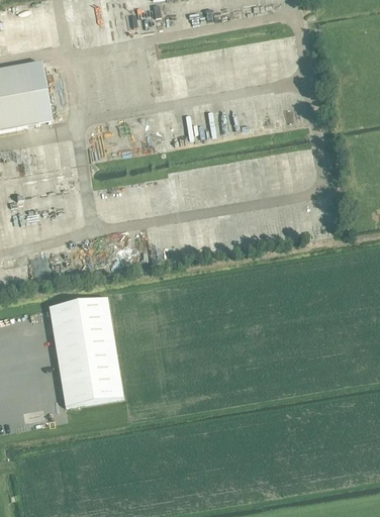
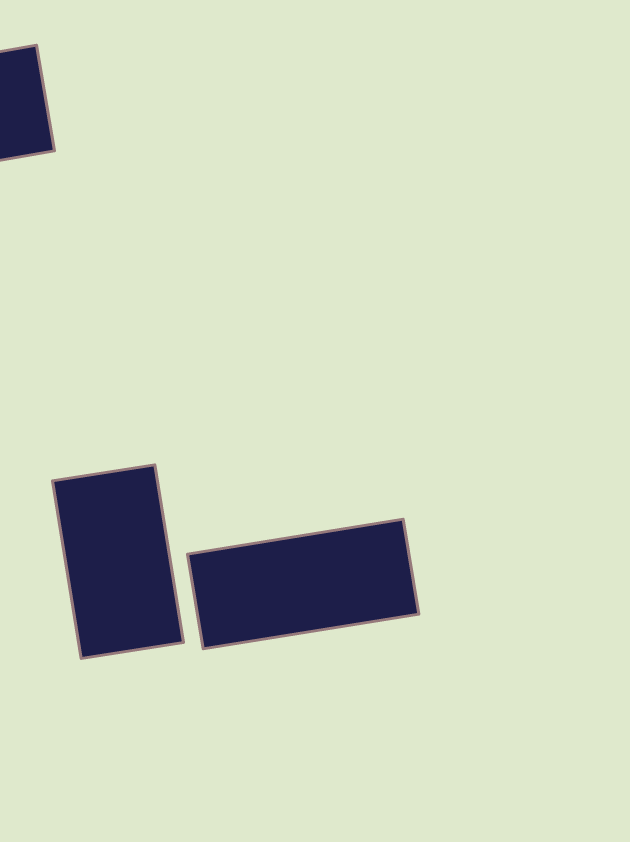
building: none -> [187,519,419,649]

